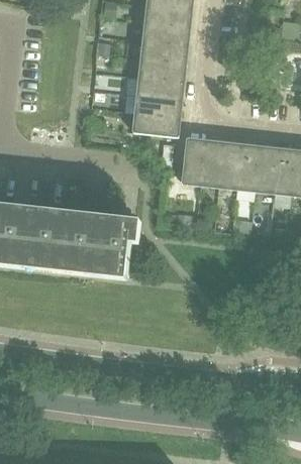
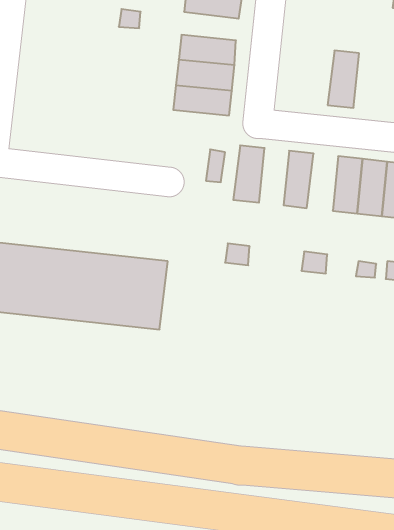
building: [142,40,185,62] -> none
building: [134,113,178,135] -> none
building: [200,141,222,184] -> none
building: [235,145,259,188] -> [328,51,359,108]

